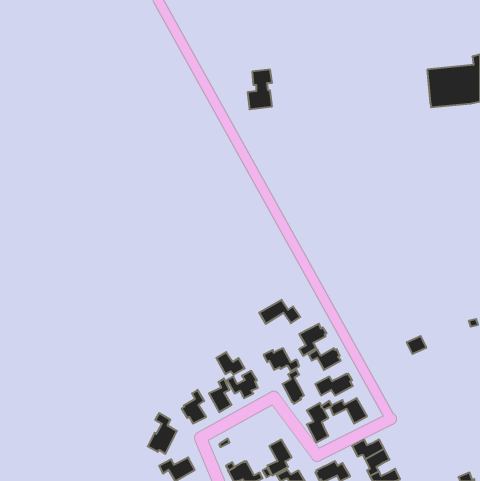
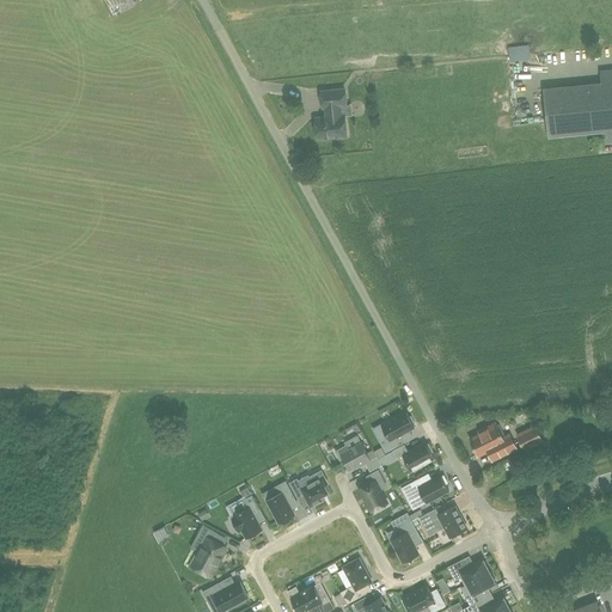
building: [259,300,300,324] -> none
building: none -> [470,423,516,460]
building: [216,352,245,375] -> none

